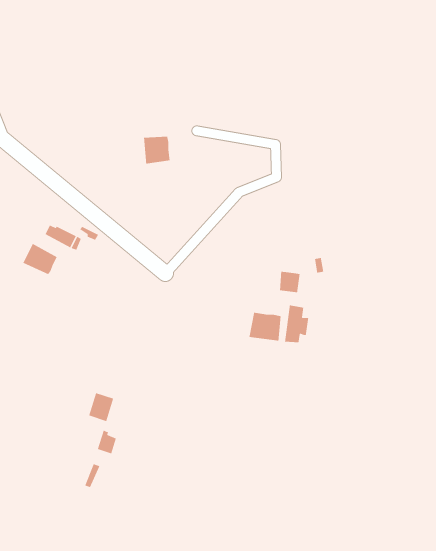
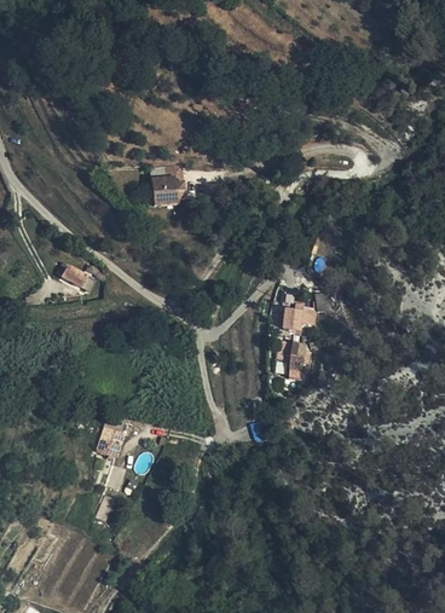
building: [22,243,58,275] -> none
building: [249,312,281,342] -> none

